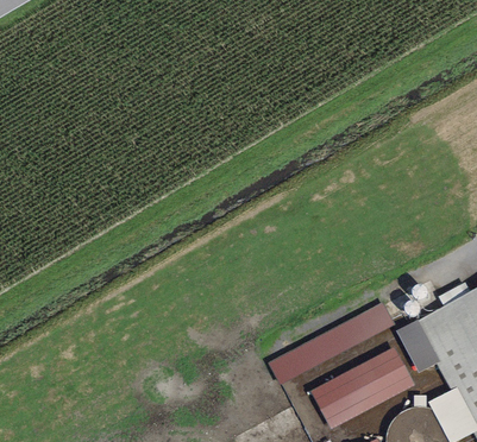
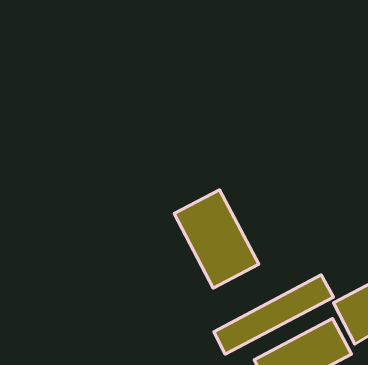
building: none -> [174,190,259,288]

